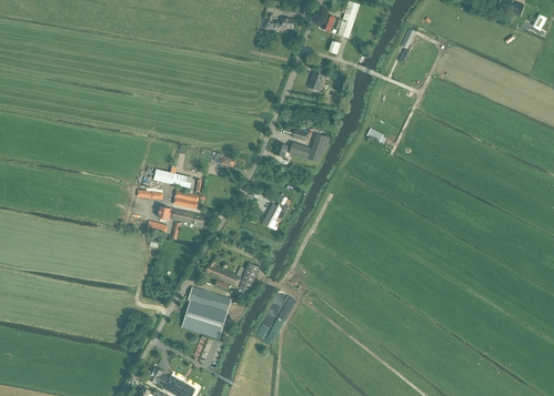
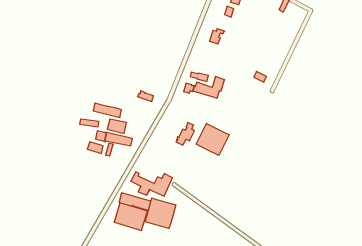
building: none -> [196,123,229,155]
building: none -> [145,198,176,229]

